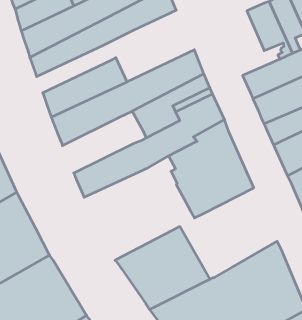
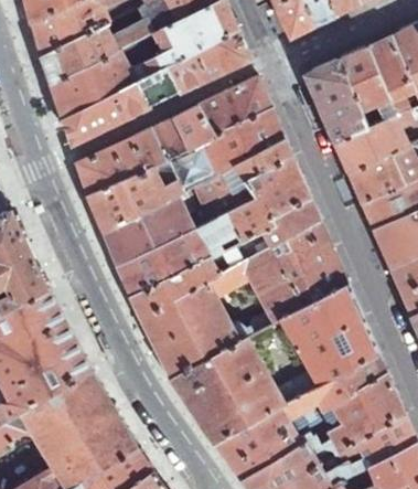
building: none -> [304,59,368,141]
building: none -> [171,78,271,149]
building: none -> [103,194,193,266]
building: none -> [130,244,271,378]
building: none -> [282,285,377,386]

